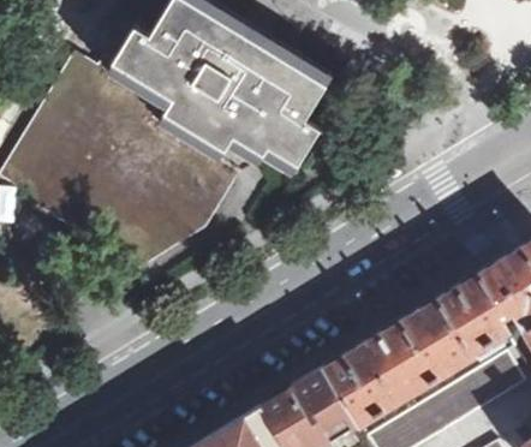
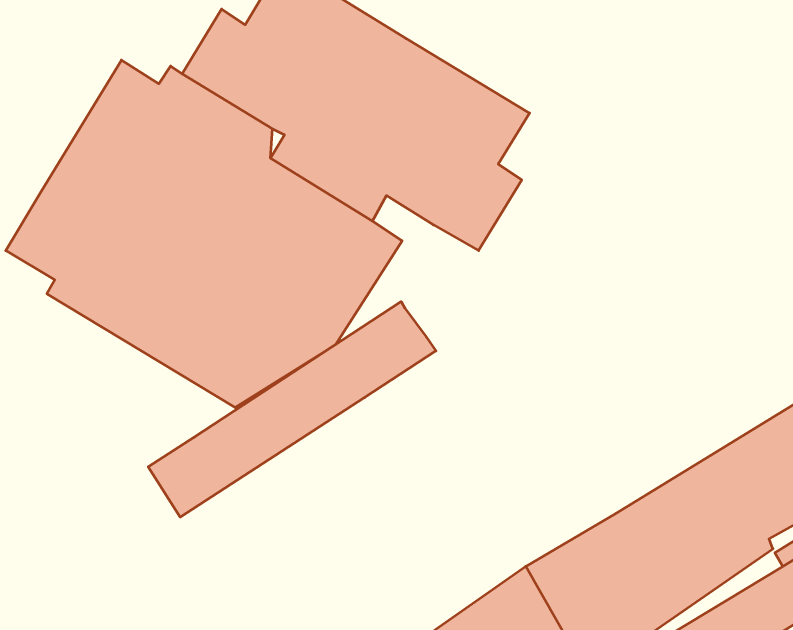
building: none -> [148,302,436,517]

